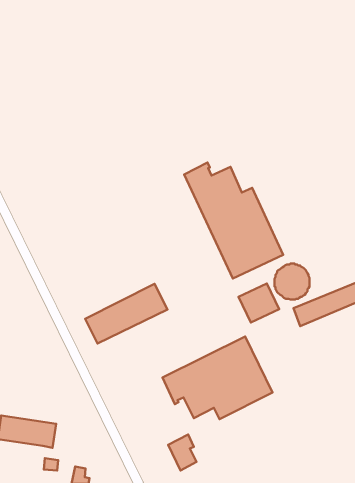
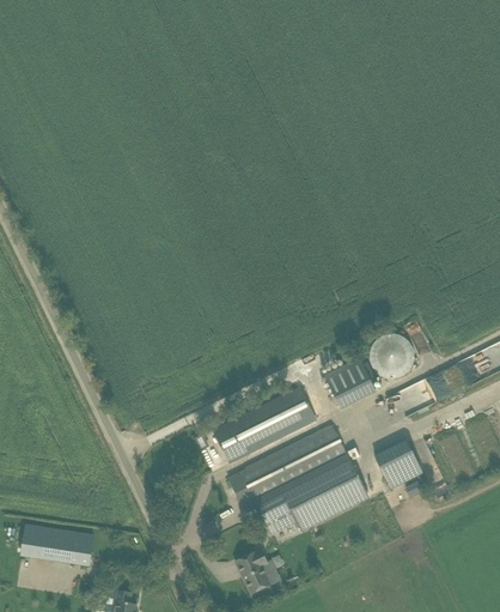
building: [184,163,283,279] -> none
building: [85,284,168,344] -> [213,387,317,462]
building: none -> [374,440,423,489]

